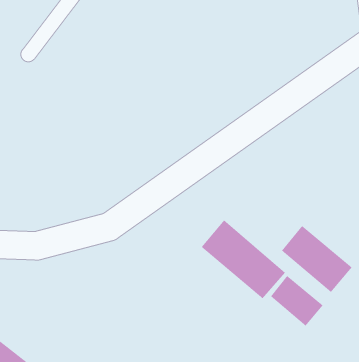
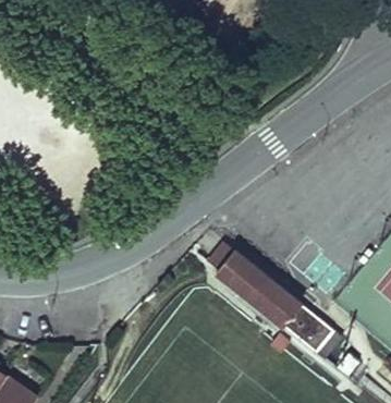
building: [281,225,353,293] -> none

